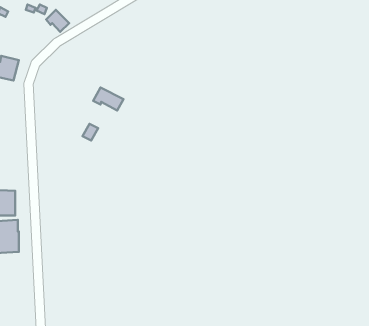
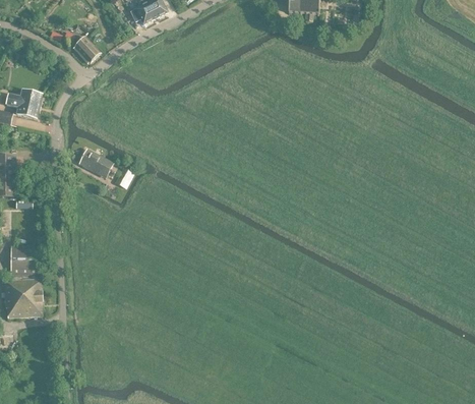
building: [93,88,123,111] -> [78,149,113,175]

